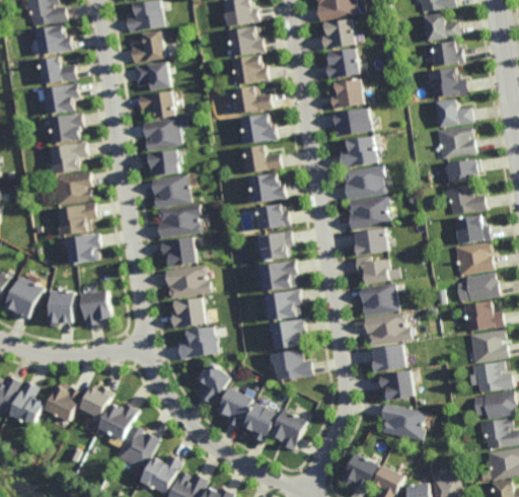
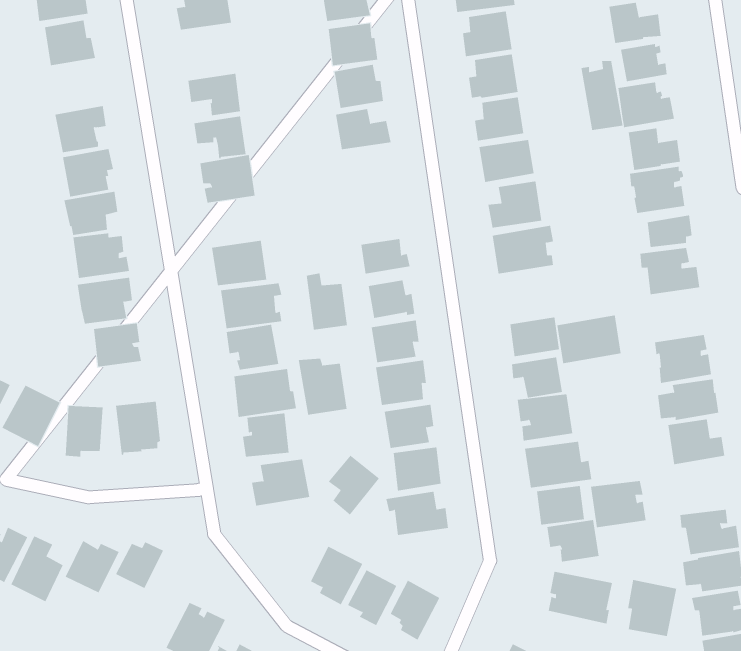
building: [130,32,164,64] -> none
building: none -> [581,60,623,131]
building: [38,58,75,86] -> none
building: [237,115,277,144] -> none
building: [244,146,281,176] -> none
building: [146,151,177,177] -> none
building: [346,197,390,230] -> [556,315,621,364]
building: none -> [306,272,348,330]
building: [454,212,490,242] -> none
building: none -> [298,358,347,416]
building: [468,330,507,362] -> [590,480,646,528]
building: [196,362,231,404] -> [328,455,380,515]
building: [101,401,138,437] -> none
building: none -> [627,579,677,637]

